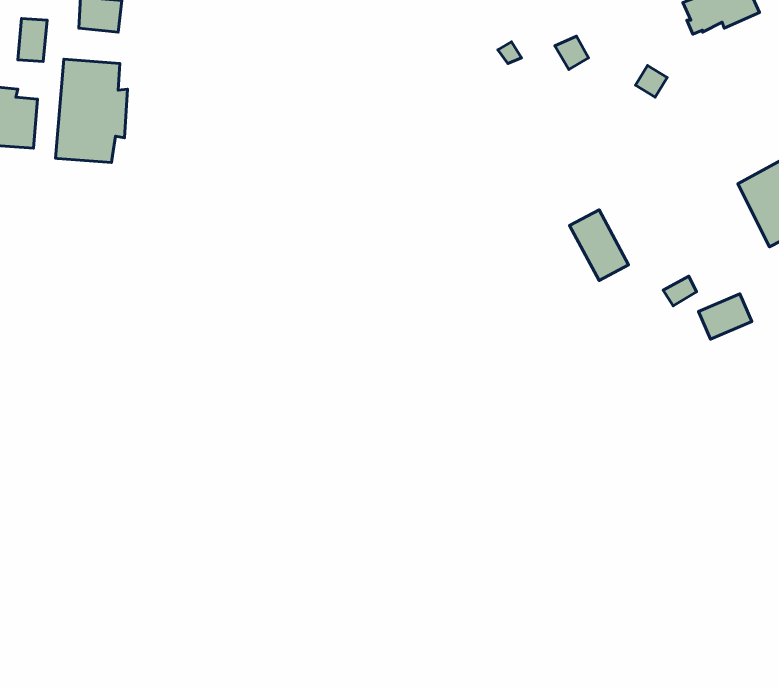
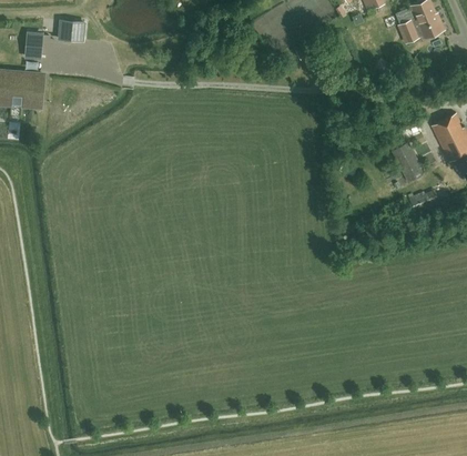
building: [55,59,127,163] -> none
building: [569,210,629,281] -> [392,142,425,182]

